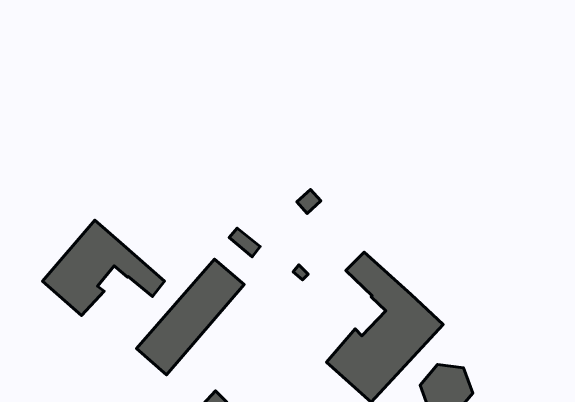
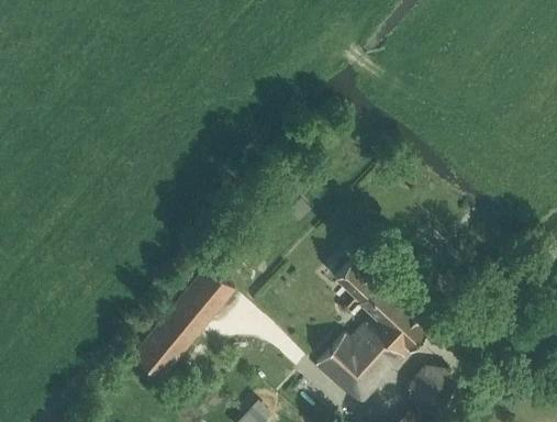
building: [43,220,165,316] -> none

